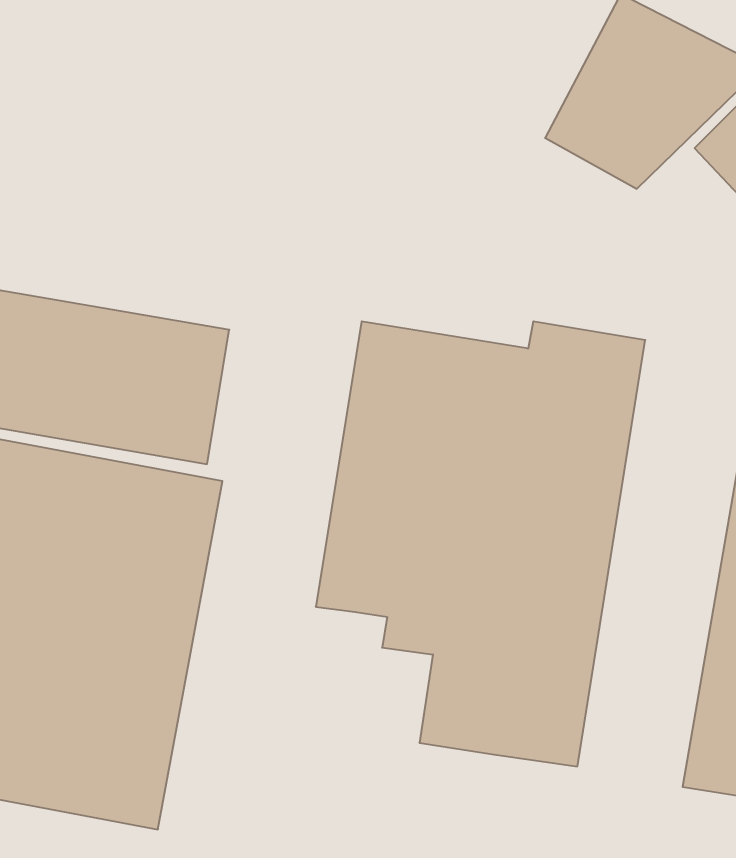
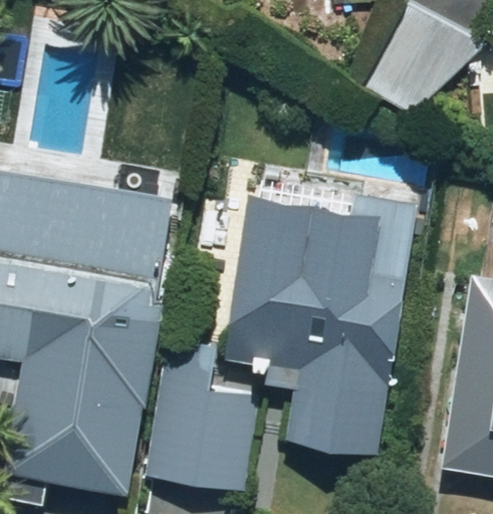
building: none -> [145,336,259,492]

